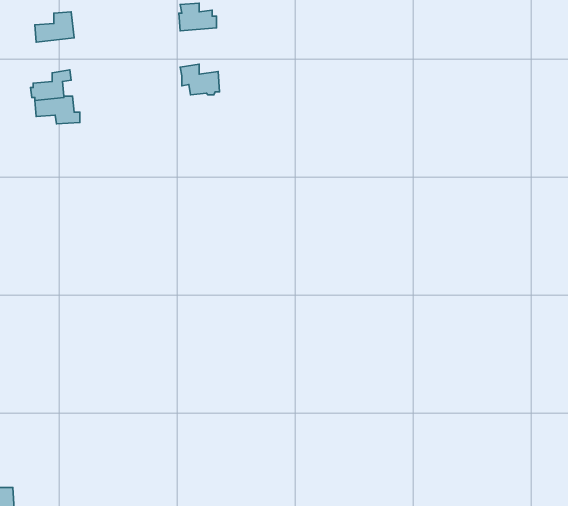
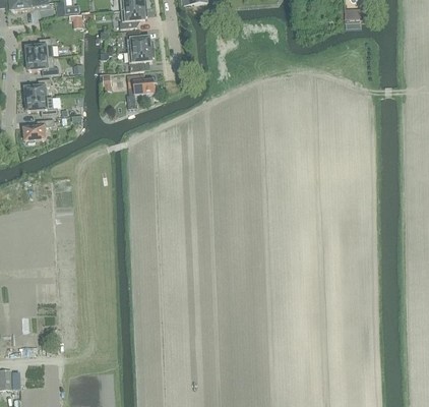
building: none -> [127,48,154,70]
building: none -> [26,55,58,74]
building: none -> [23,118,54,141]

